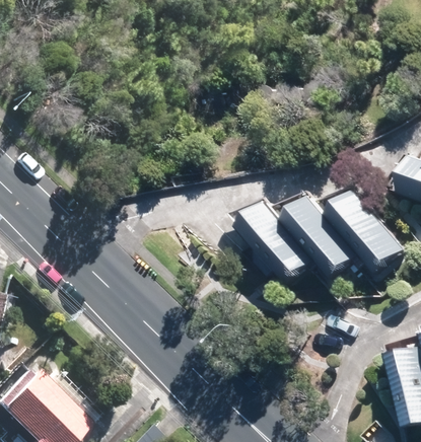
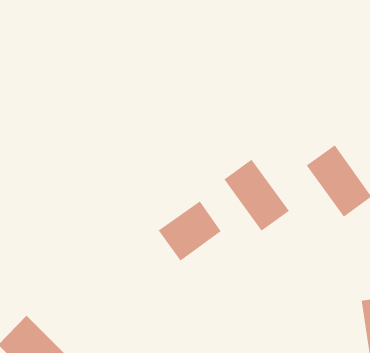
building: [292,199,363,276] -> none
building: none -> [158,201,222,261]

